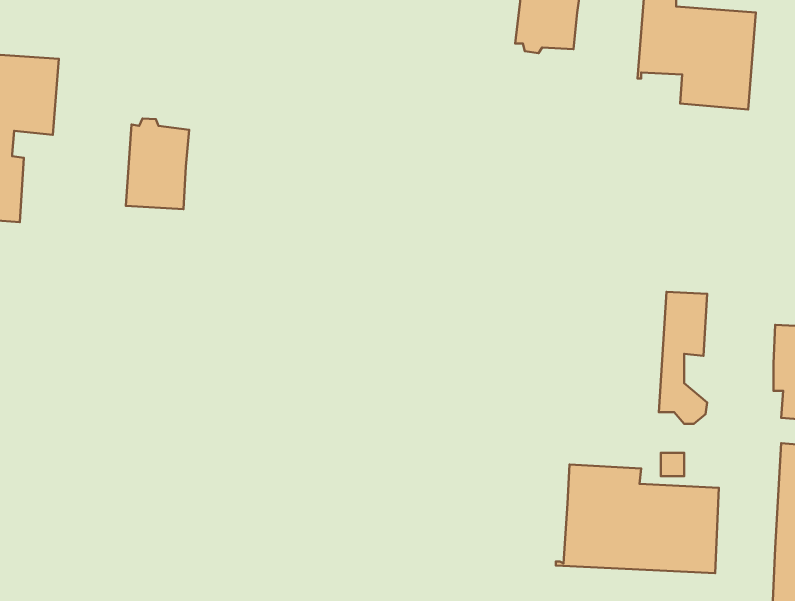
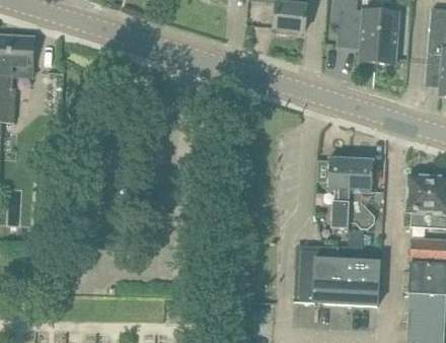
building: [126,119,189,209] -> none
building: none -> [327,157,352,228]

